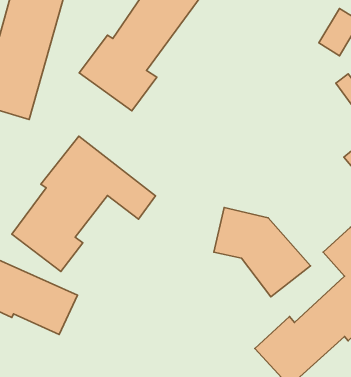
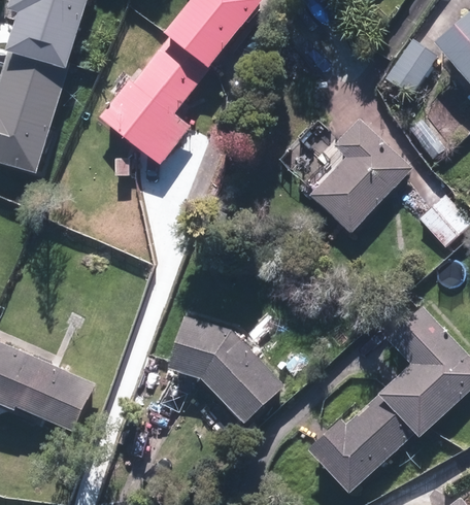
building: none -> [309,116,410,233]
building: [12,136,156,272] -> none
building: [214,207,310,297] -> [170,315,286,423]

